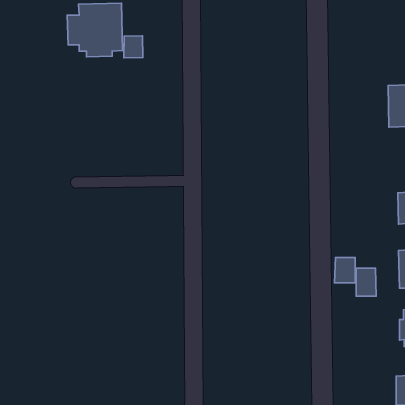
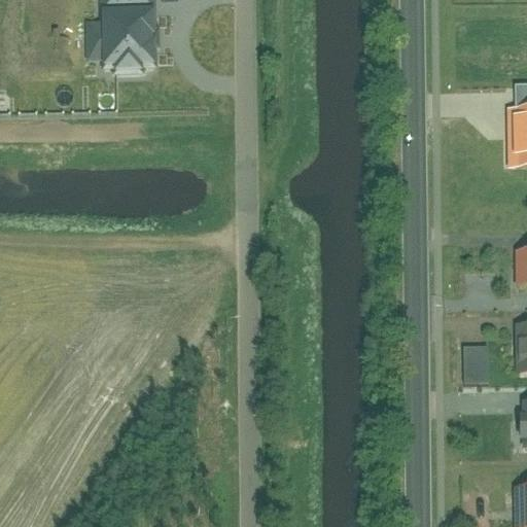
building: [124,36,143,58] -> none
building: [335,257,355,283] -> none

